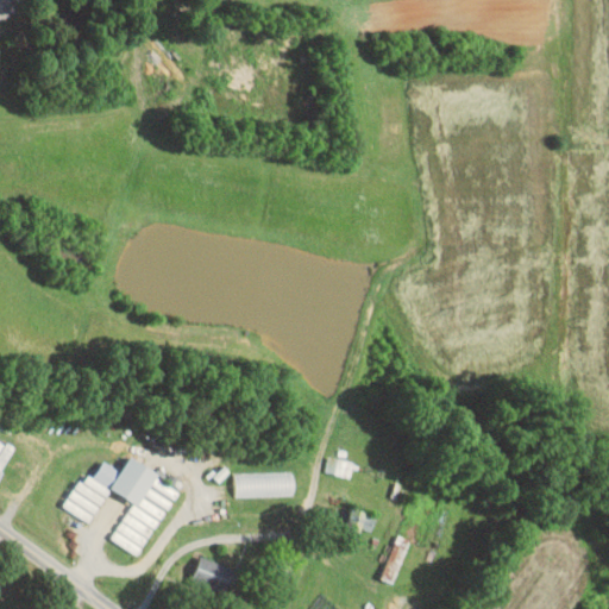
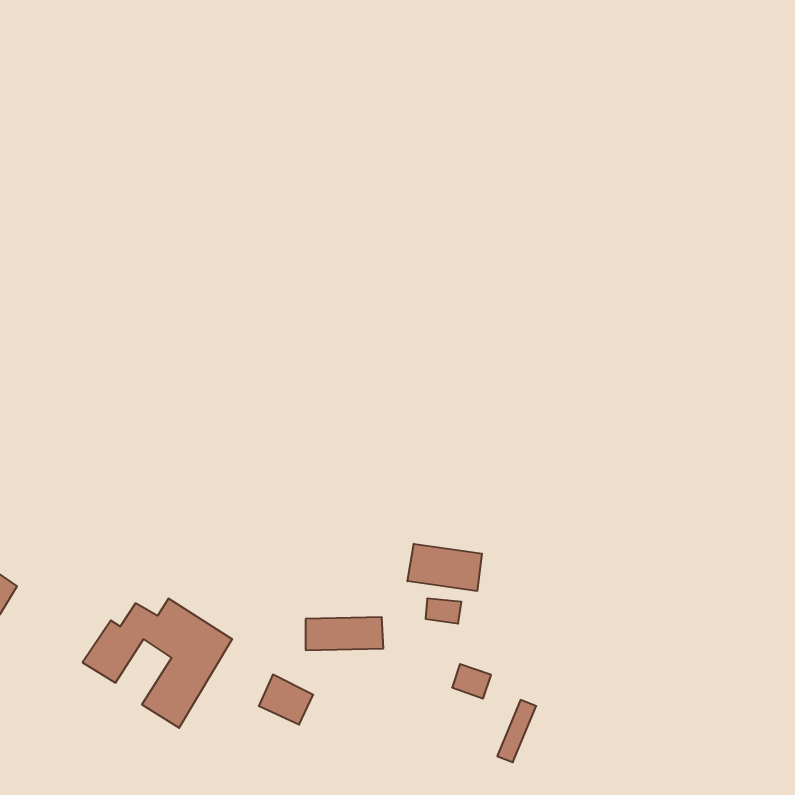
building: none -> [407,544,482,591]
building: [190,555,232,594] -> [259,675,313,725]

